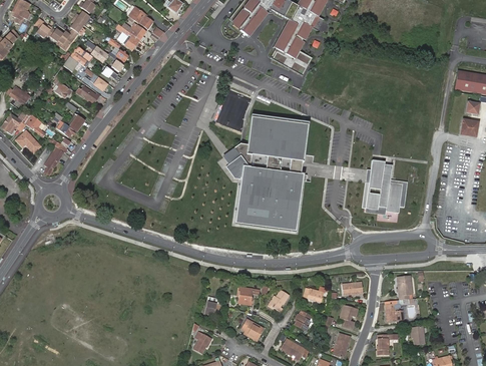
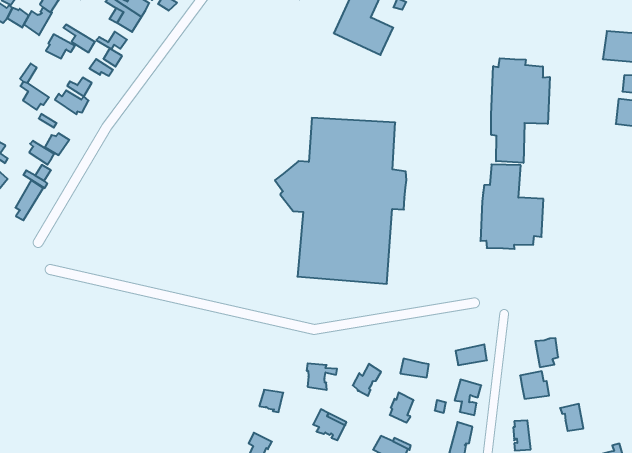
building: none -> [491,58,550,163]

